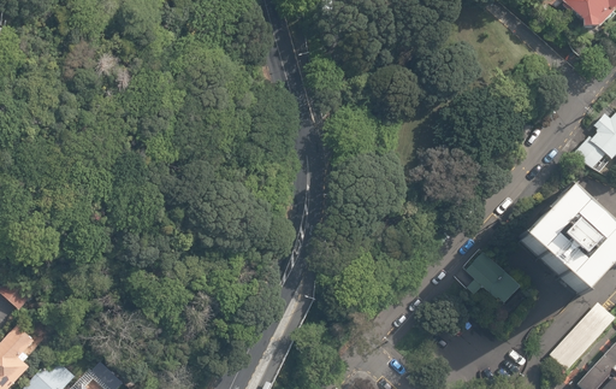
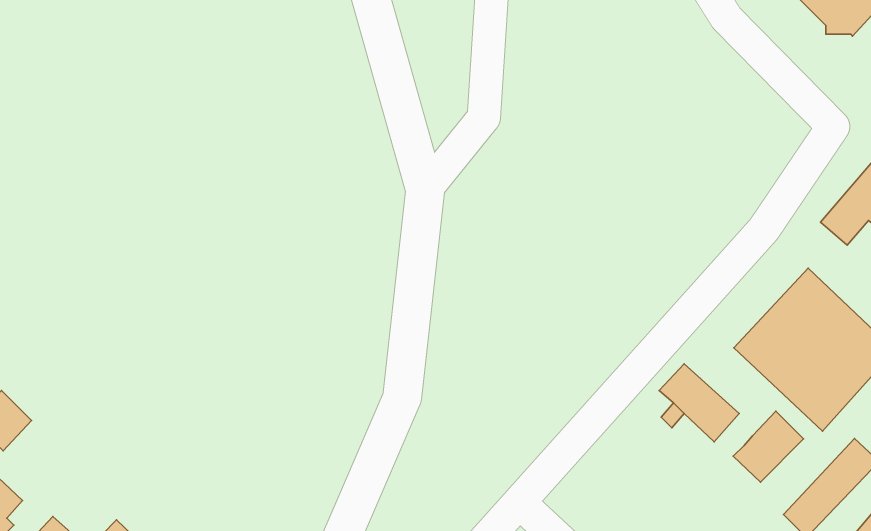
building: none -> [733,411,804,482]

